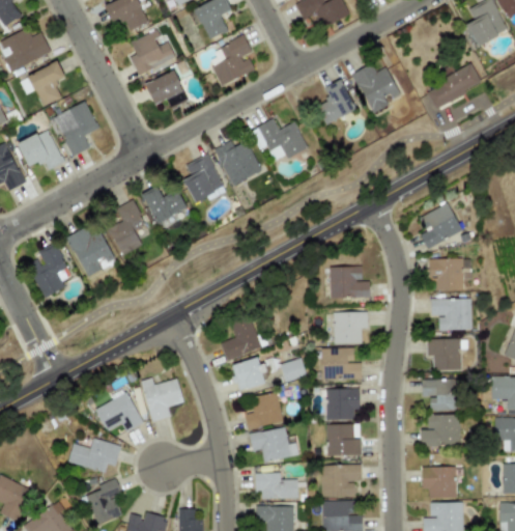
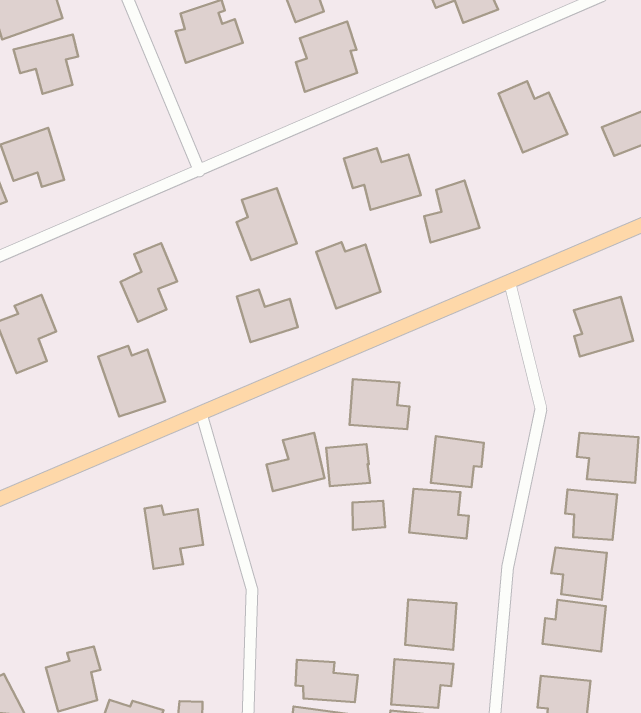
building: [145,69,189,108] -> none
building: [318,79,356,123] -> [424,181,479,243]
building: [49,102,98,156] -> none
building: [214,140,261,186] -> [316,242,381,309]
building: [143,187,187,223] -> [237,290,298,342]
building: [67,227,116,276] -> [98,346,165,417]
building: [429,258,463,290] -> none
building: [330,266,370,298] -> [350,379,409,429]
building: [233,358,265,389] -> [326,444,370,486]
building: [325,384,360,420] -> none
building: [95,392,143,431] -> none
building: [245,392,283,428] -> none
building: [260,427,299,459] -> none
building: [68,438,121,472] -> none

